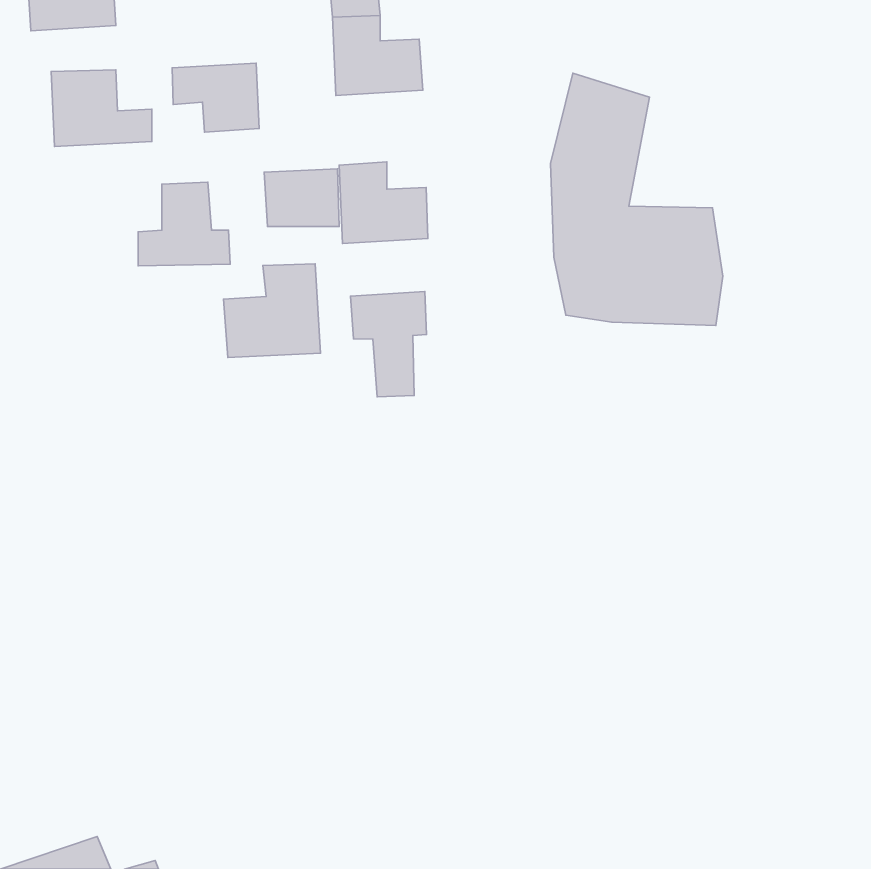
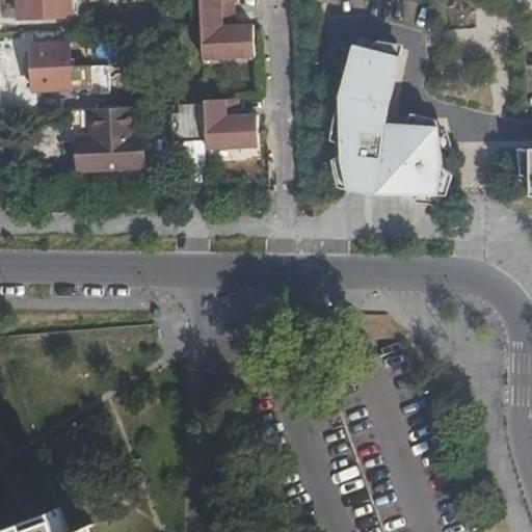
building: [172,63,259,132] -> none
building: [224,264,321,358] -> none
building: [350,292,426,397] -> none

